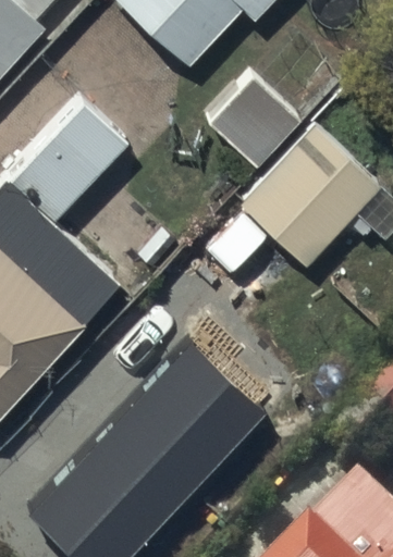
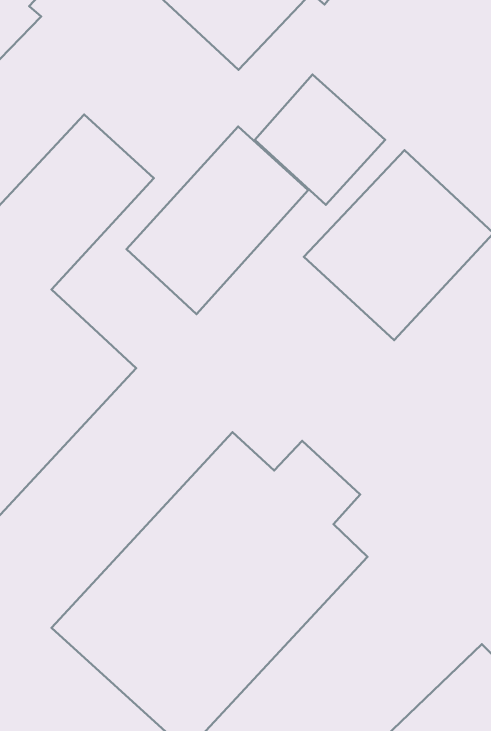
building: none -> [126,126,308,314]

